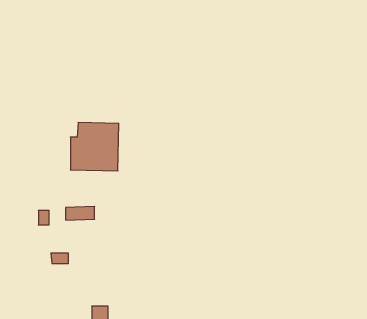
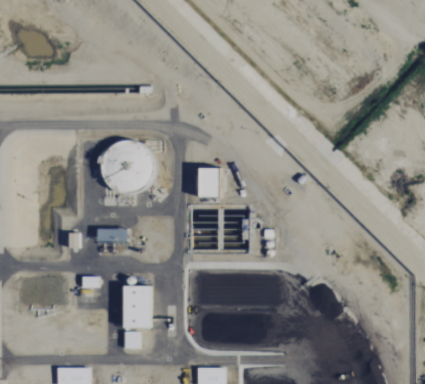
building: none -> [198,169,218,197]
building: none -> [123,286,150,328]

